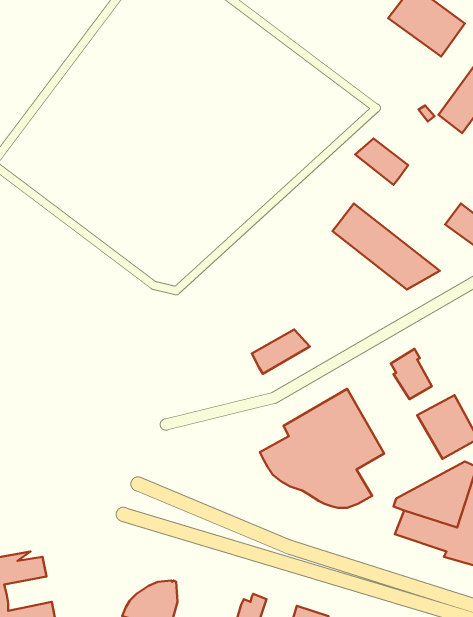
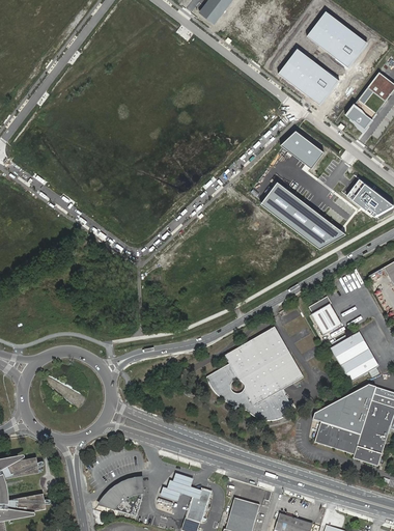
building: none -> [278,48,337,104]
building: [252,330,310,374] -> none
building: none -> [160,473,199,500]

